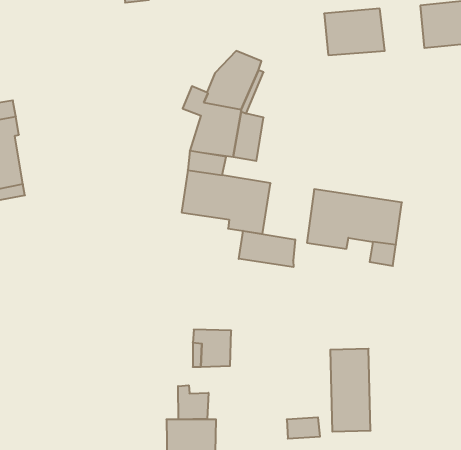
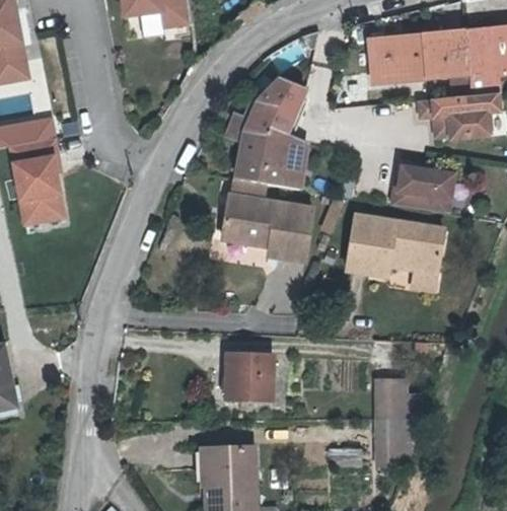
building: none -> [422,31,466,77]
building: none -> [416,91,495,136]
building: none -> [392,165,453,210]
building: [239,231,295,267] -> none
building: [178,385,208,419] -> none

